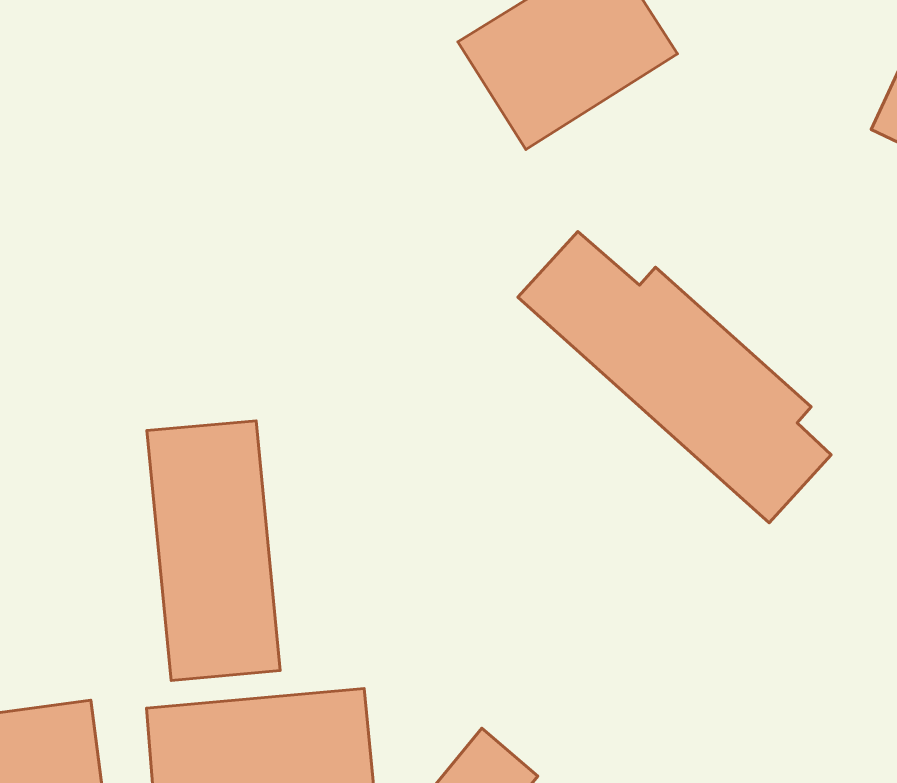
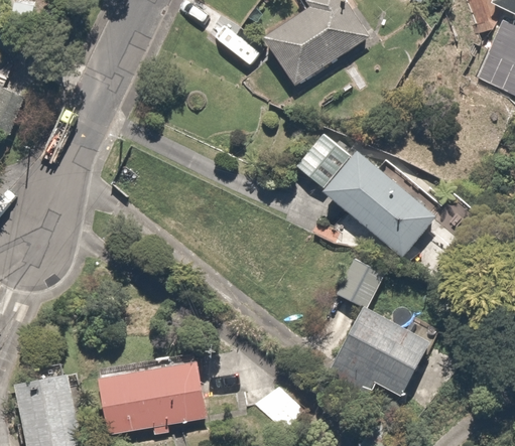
building: [147,421,280,681] -> none
building: none -> [318,259,427,402]

